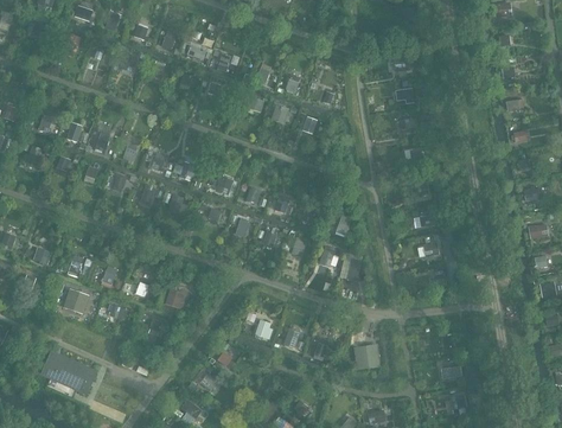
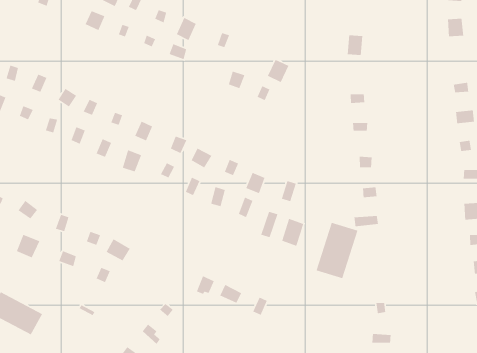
building: none -> [316,222,358,279]
building: [353,345,379,371] -> none

